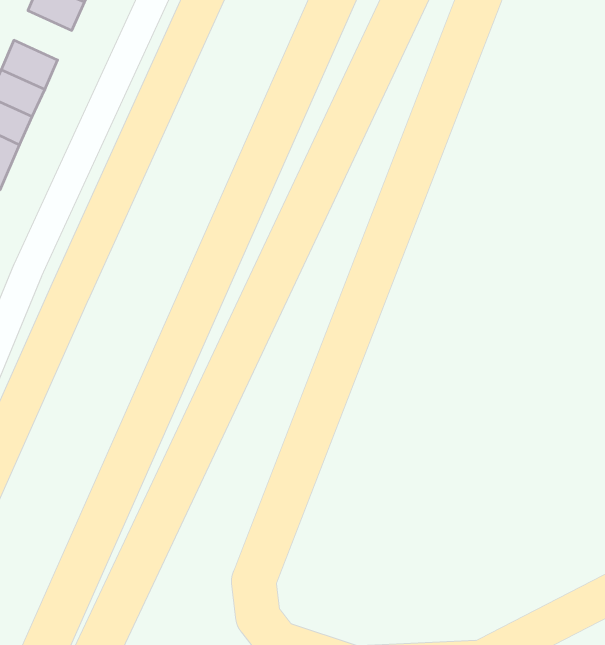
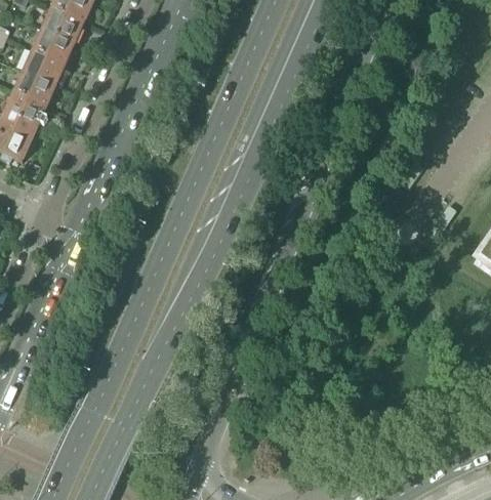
building: none -> [32,31,74,67]

